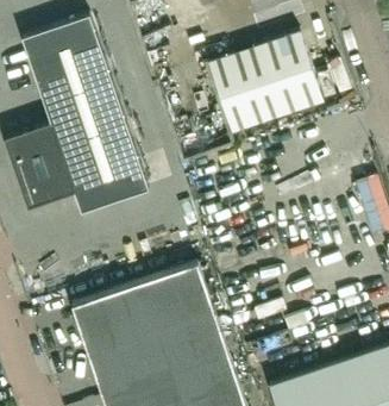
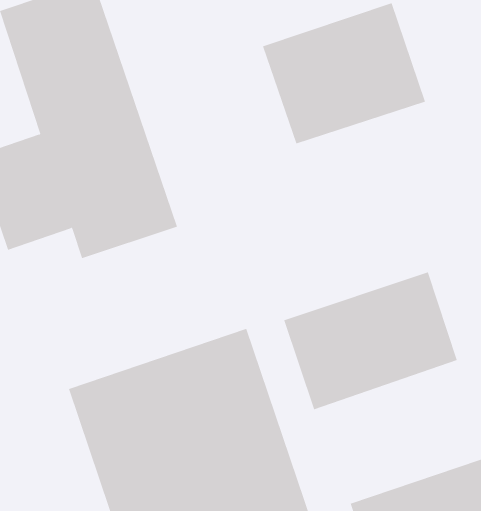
building: none -> [284,271,457,410]

